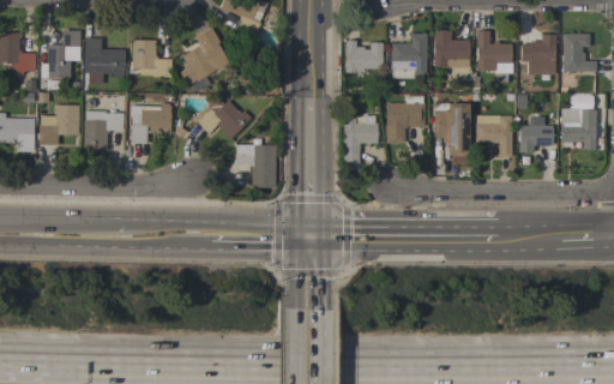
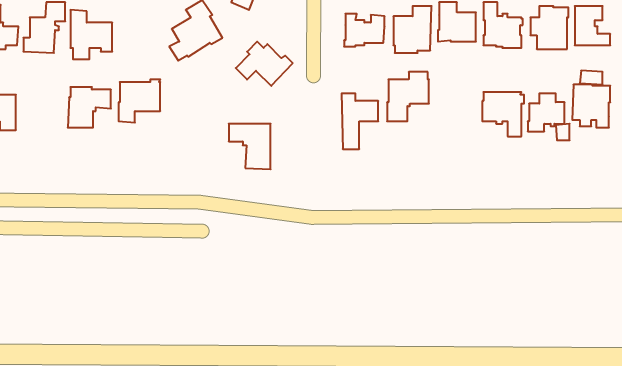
building: [132,40,171,77] -> none
building: [197,97,251,139] -> [236,42,293,86]
building: [434,103,469,164] -> none
building: [38,104,79,145] -> none

